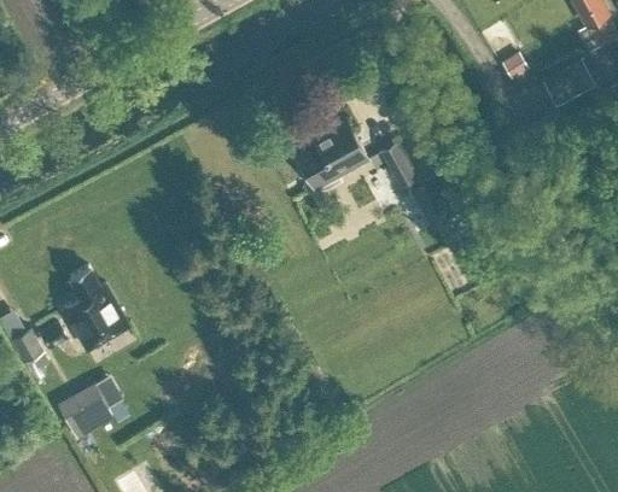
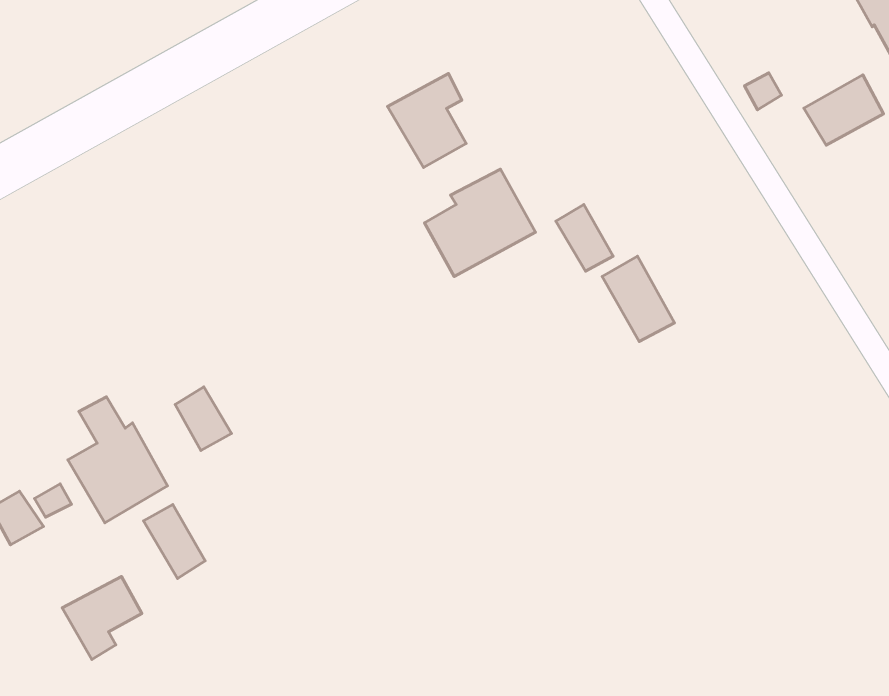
building: none -> [387,73,466,168]
building: none -> [175,387,231,451]
building: none -> [143,504,205,578]

